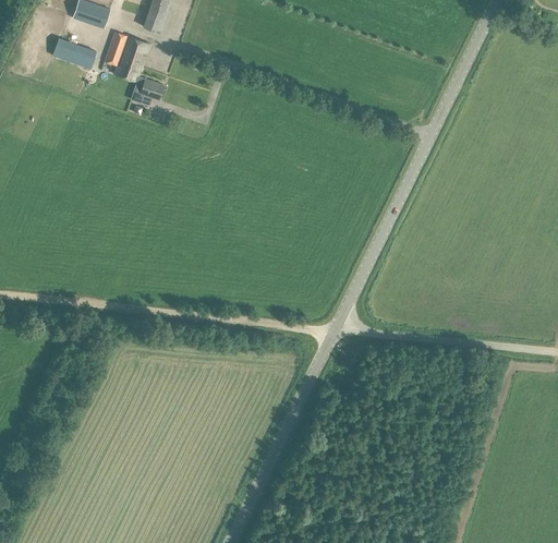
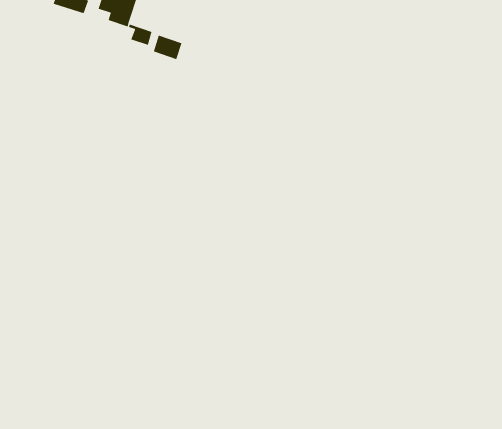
building: none -> [153,35,182,60]

